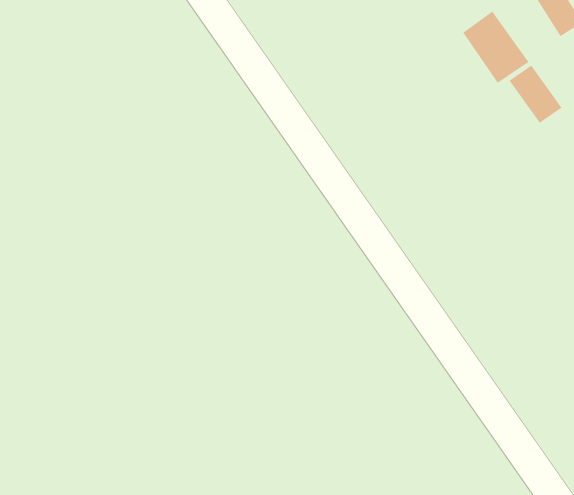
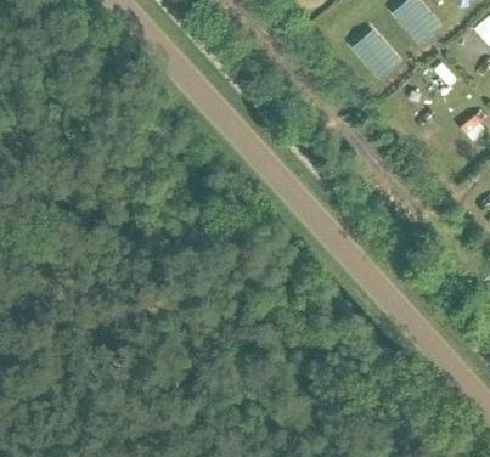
building: [508,64,562,124] -> none

